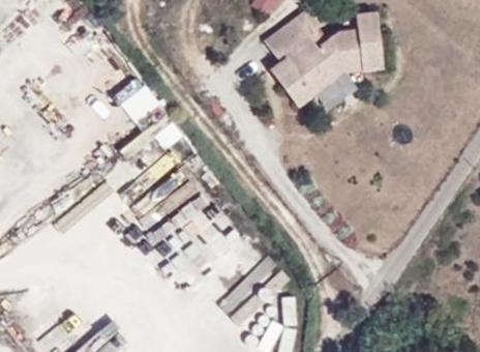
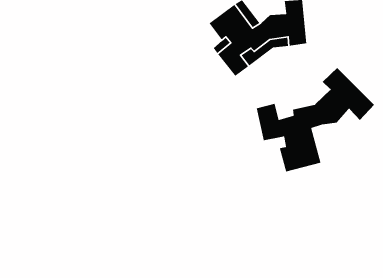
building: none -> [256,67,375,173]

